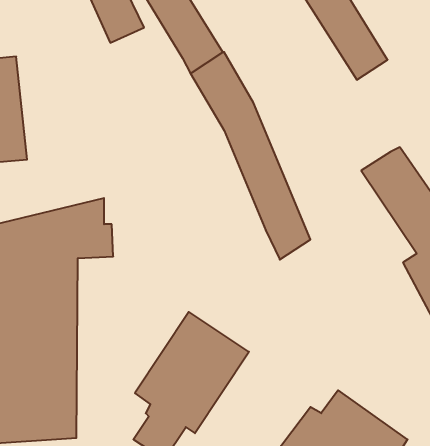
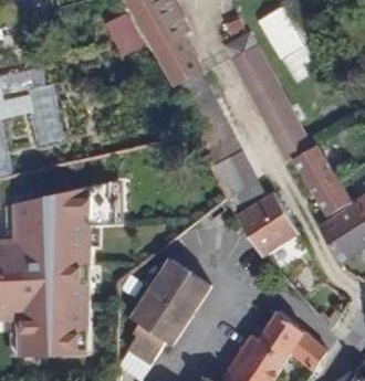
building: none -> [229,39,315,158]
building: none -> [230,202,289,261]

